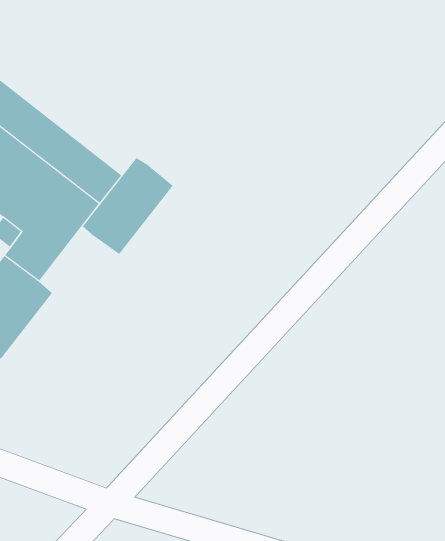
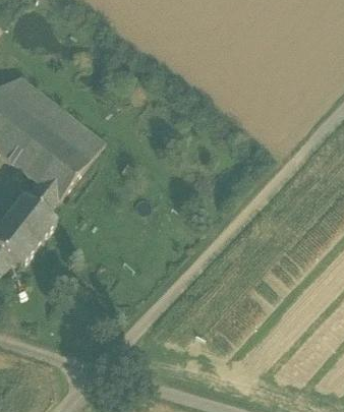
building: [82,157,174,255] -> none

